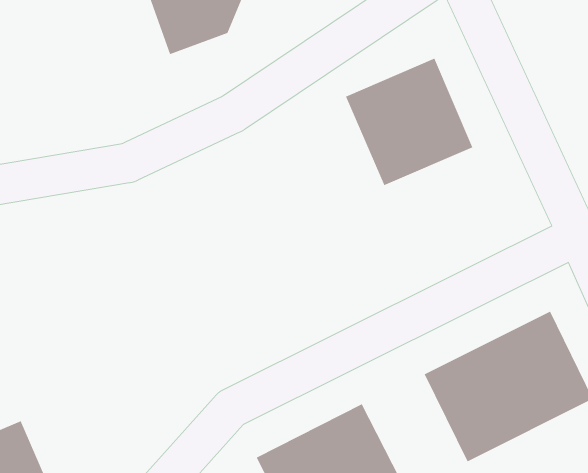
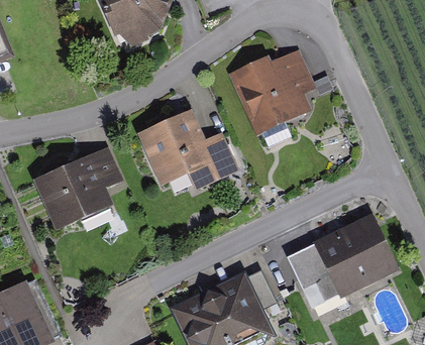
building: none -> [135,109,239,190]
building: none -> [32,147,121,231]

